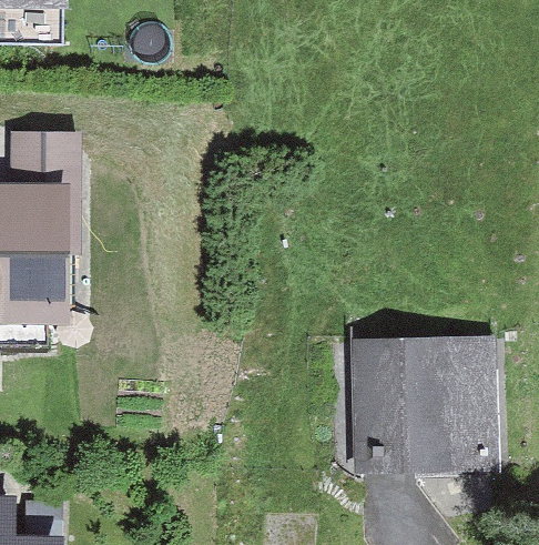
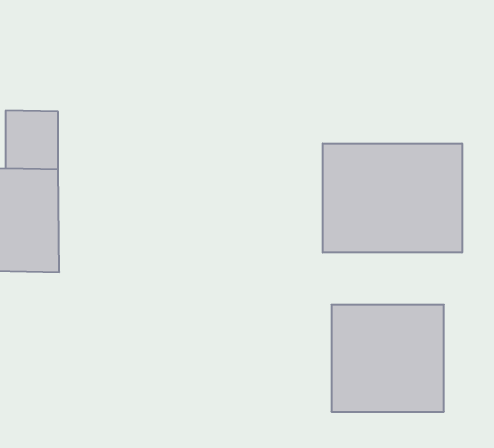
building: none -> [323,143,462,253]

